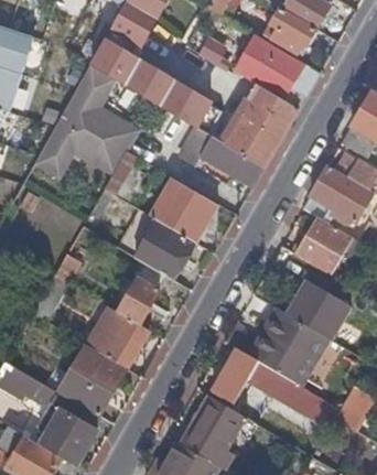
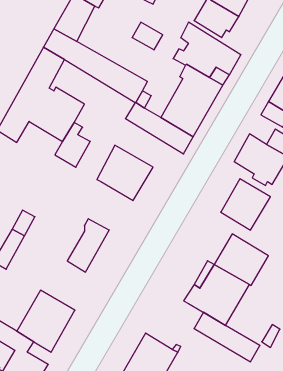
building: [134,219,194,279] -> none
building: [87,306,149,368] -> none
building: [212,348,258,402] -> none

